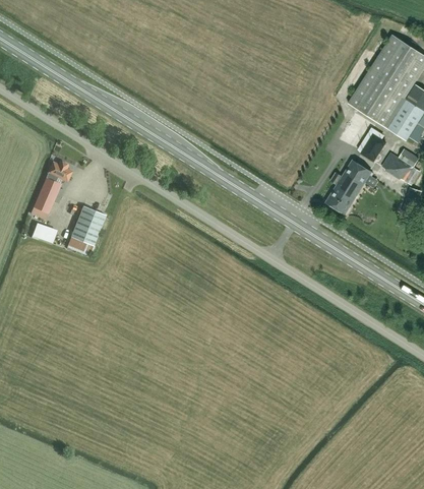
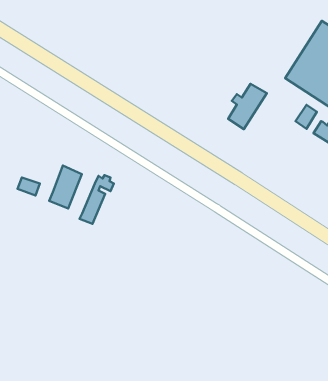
building: [325,160,371,213] -> [228,84,267,129]
building: [31,162,71,220] -> [80,175,114,224]

